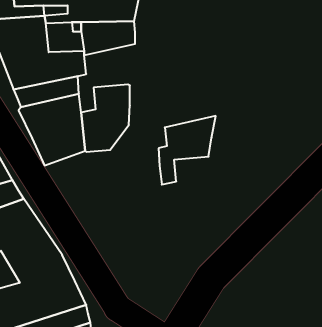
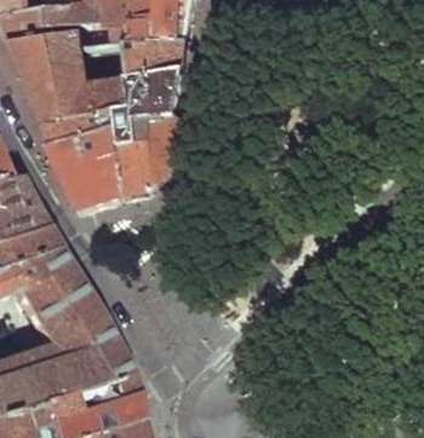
building: [159,116,216,185] -> [119,67,185,146]

